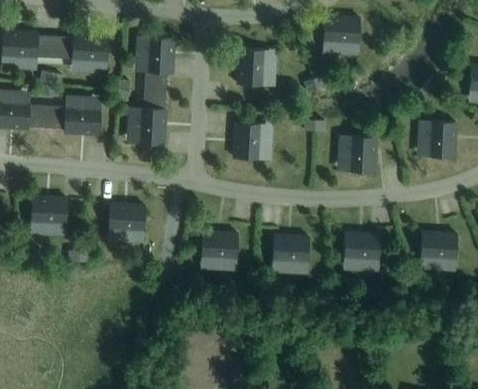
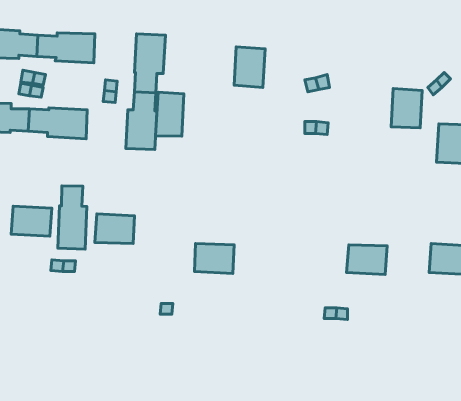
building: [323,18,360,47] -> none
building: none -> [156,92,184,136]
building: [234,124,263,161] -> none
building: [347,137,376,174] -> [391,88,422,128]
building: none -> [58,186,87,249]
building: [272,237,309,266] -> none

